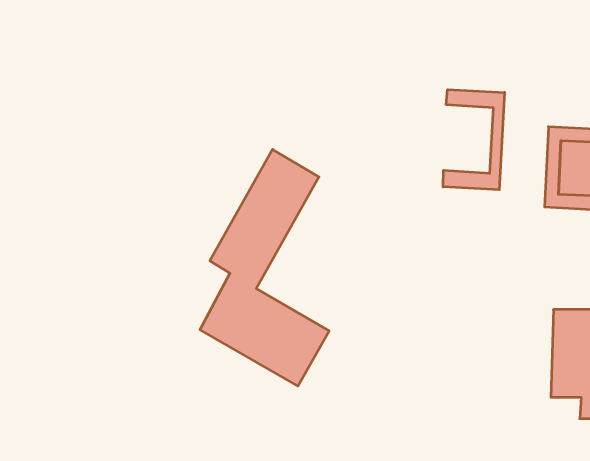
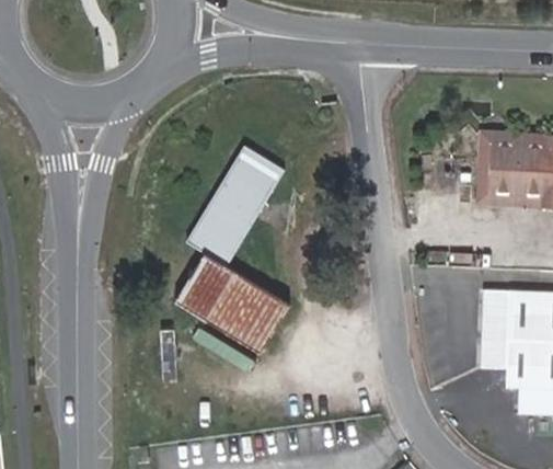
building: [443,90,505,190] -> none

